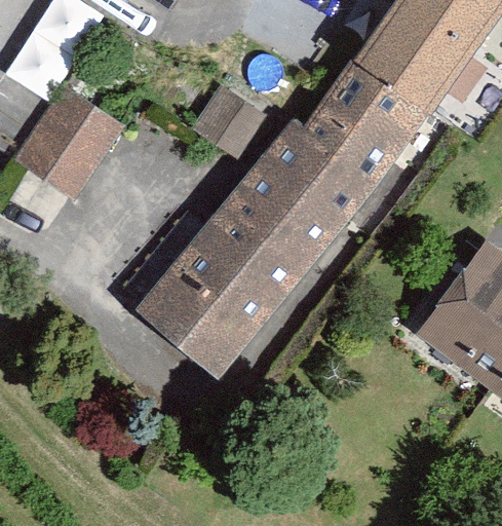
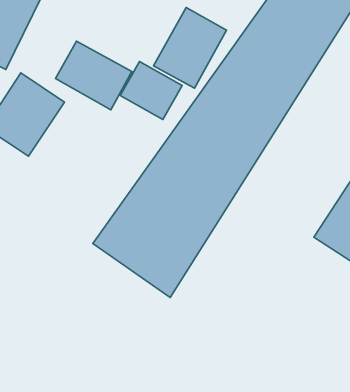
building: none -> [154,7,227,88]
building: none -> [55,41,132,110]

